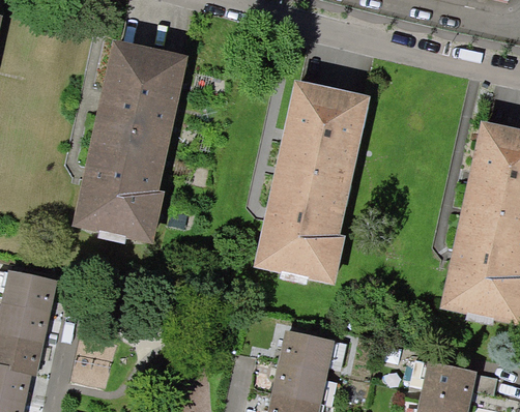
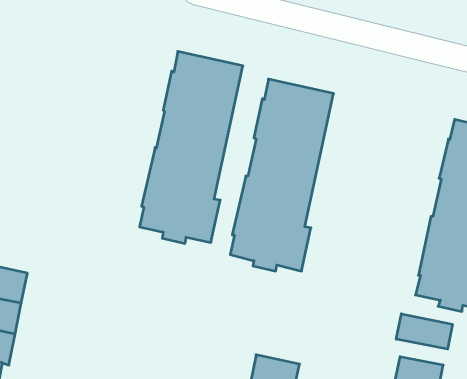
building: [79,46,182,238] -> [140,51,243,243]
building: none -> [396,314,452,349]
building: [285,331,335,372] -> none

